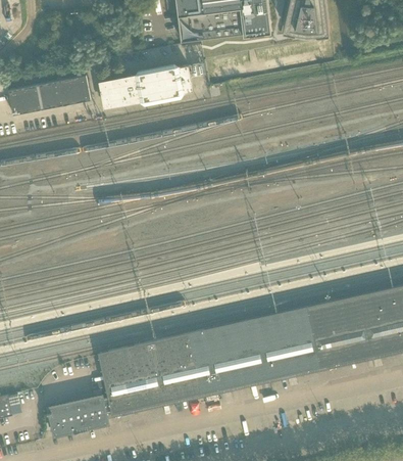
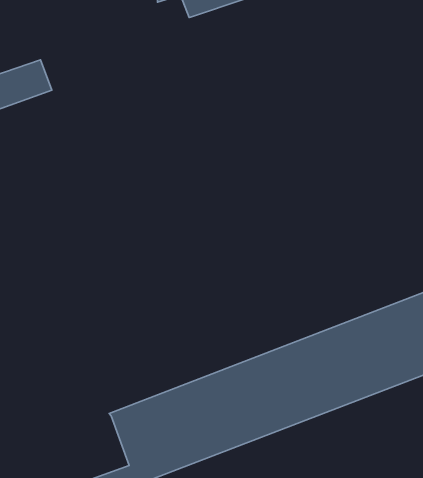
building: [100,63,192,107] -> none

